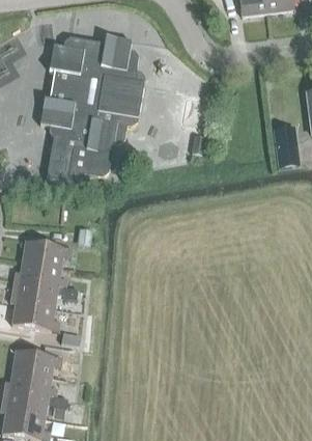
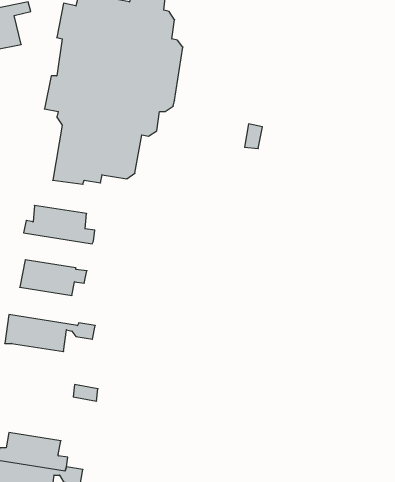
building: [13,258,67,287] -> [24,205,95,244]
building: [12,301,61,330] -> none
building: [13,348,63,375] -> none

